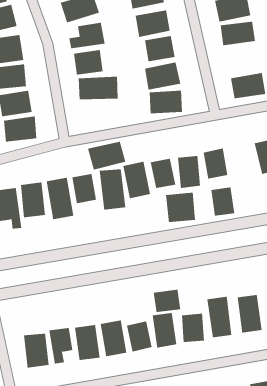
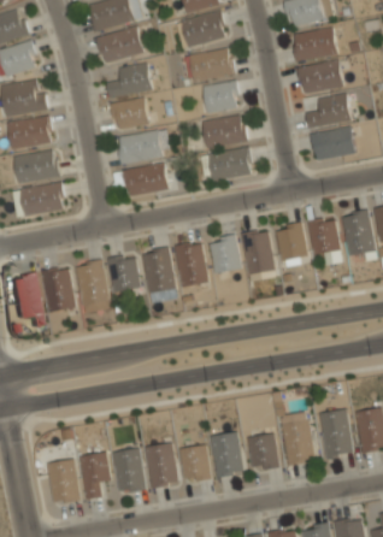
building: none -> [305,92,349,128]
building: [87,141,126,170] -> [119,160,169,197]
building: [211,187,235,216] -> [307,217,338,254]
building: [165,192,196,223] -> none
building: [153,289,181,313] -> none

